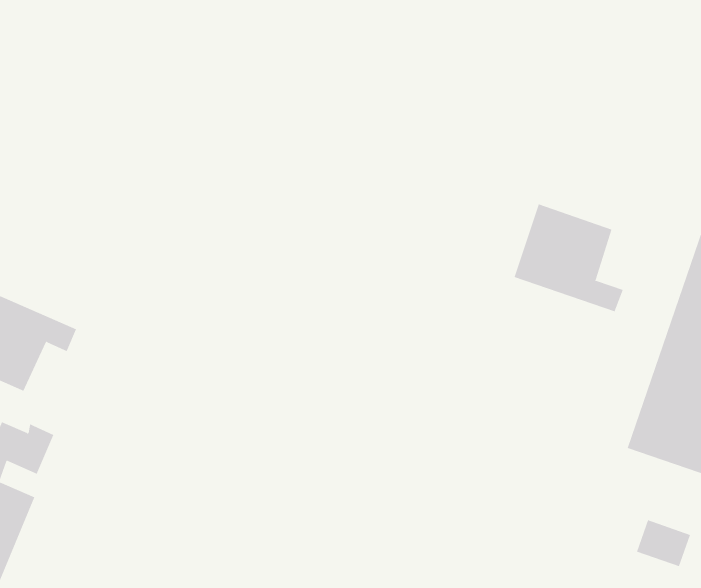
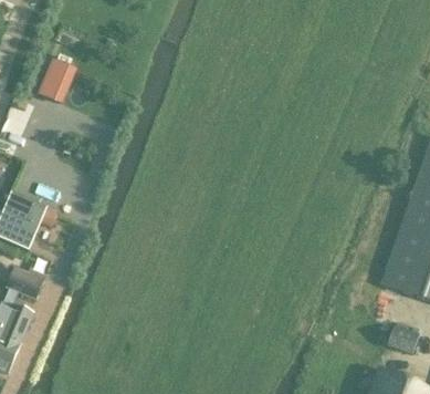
building: none -> [38,58,76,104]
building: [514,203,623,312] -> none

